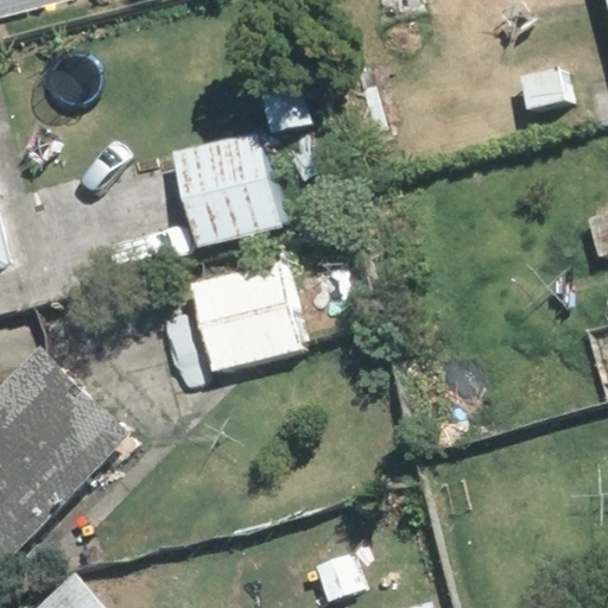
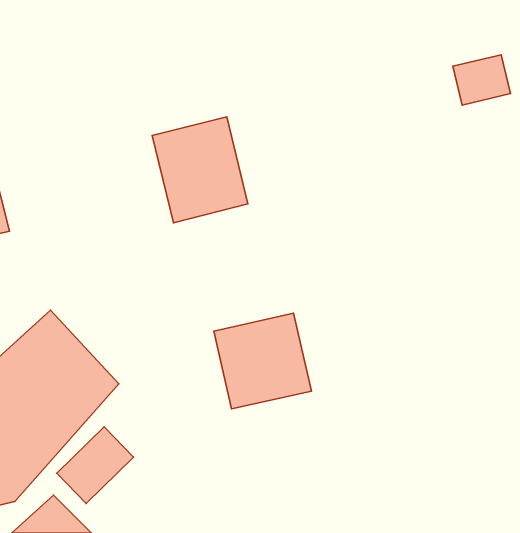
building: [188,260,298,368] -> [214,313,311,409]

